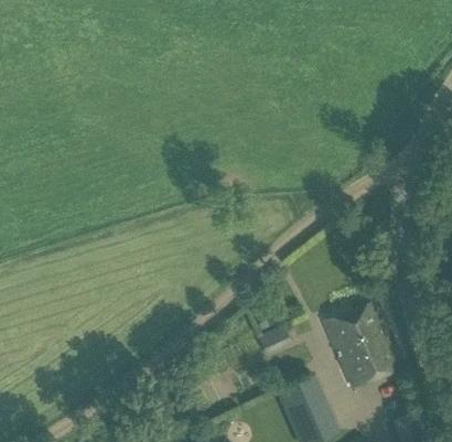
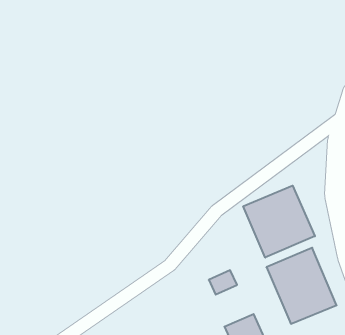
building: none -> [243,186,315,258]

